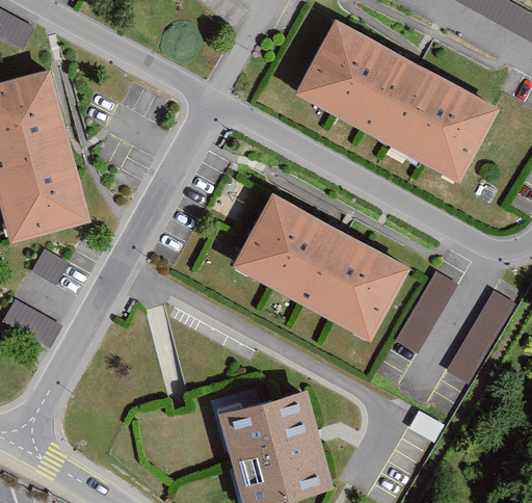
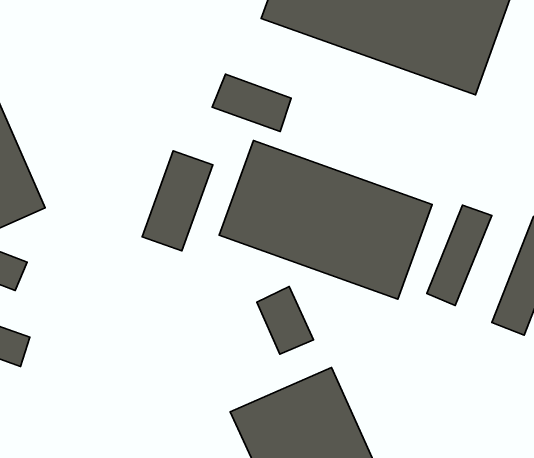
building: none -> [212,74,291,131]
building: none -> [142,151,213,251]
building: none -> [257,287,313,354]

